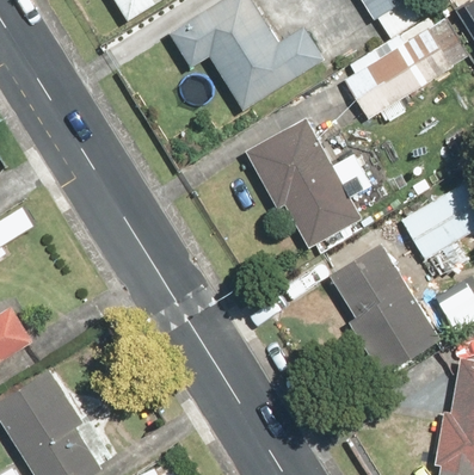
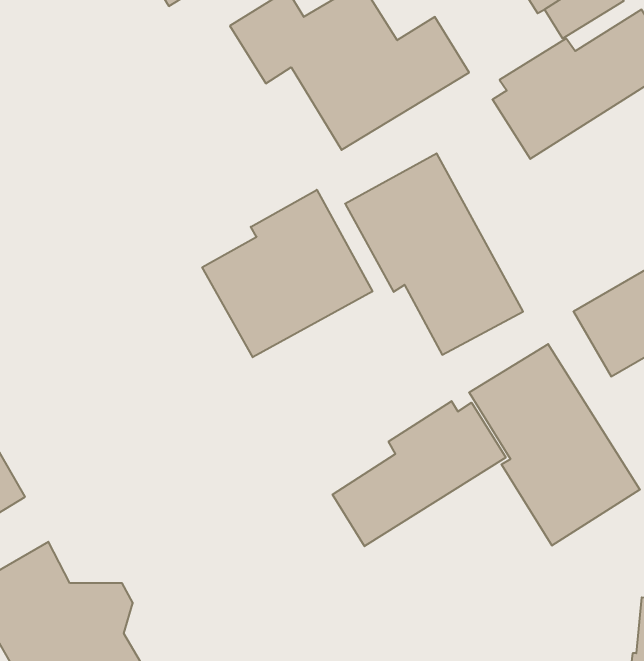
building: none -> [202,190,372,357]
building: none -> [333,401,506,546]

